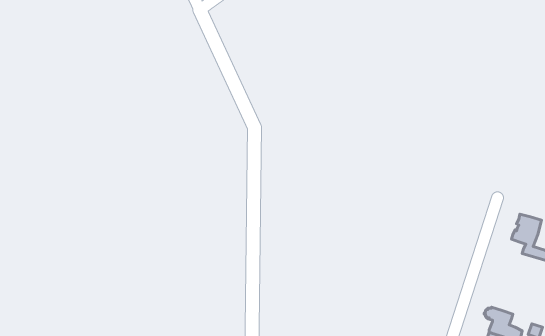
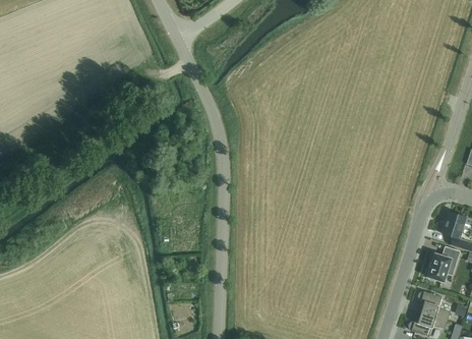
building: none -> [426,246,460,281]

